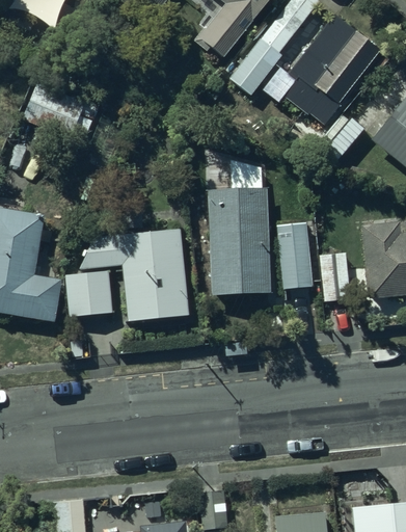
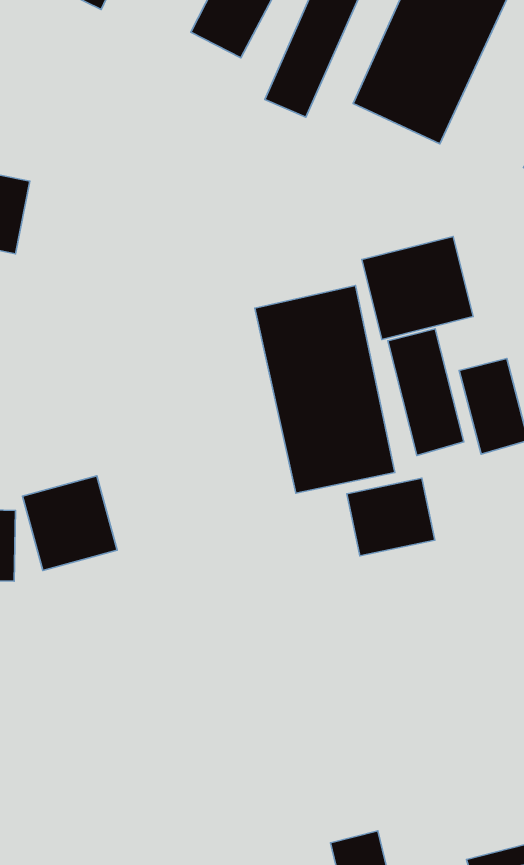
building: none -> [362,237,473,339]
building: [80,228,192,321] -> none
building: none -> [347,478,435,556]

